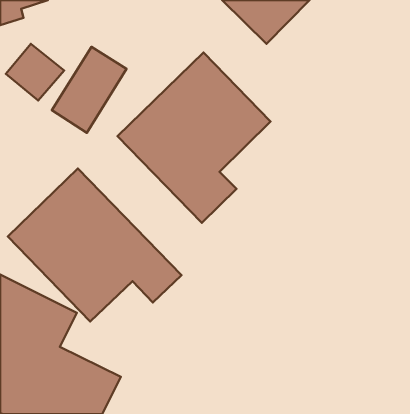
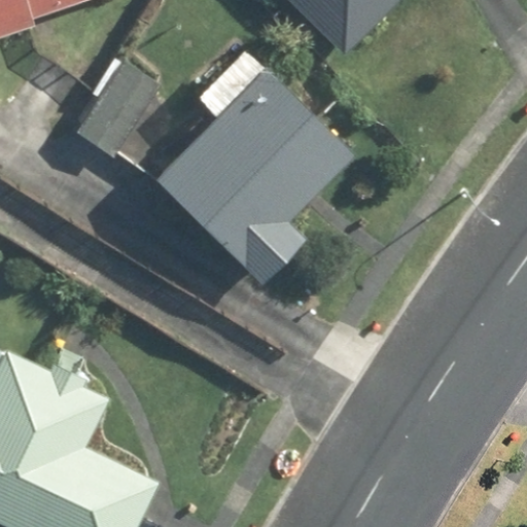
building: [8,168,182,322] -> none

